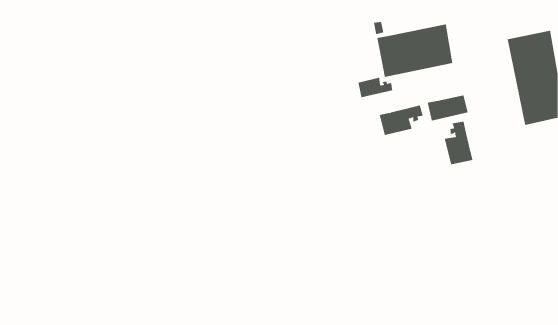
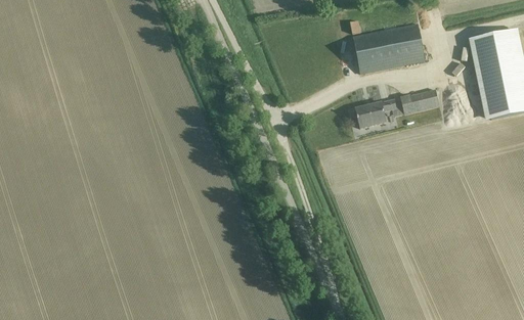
building: [358,77,393,98] -> none
building: [444,121,473,165] -> none

